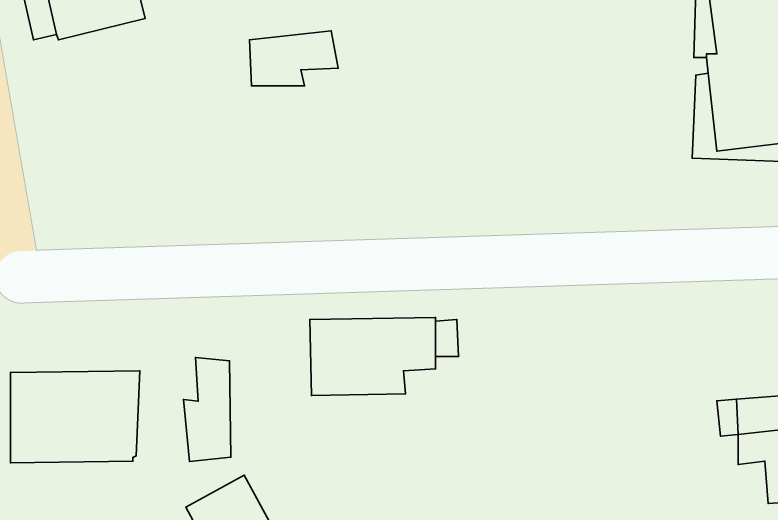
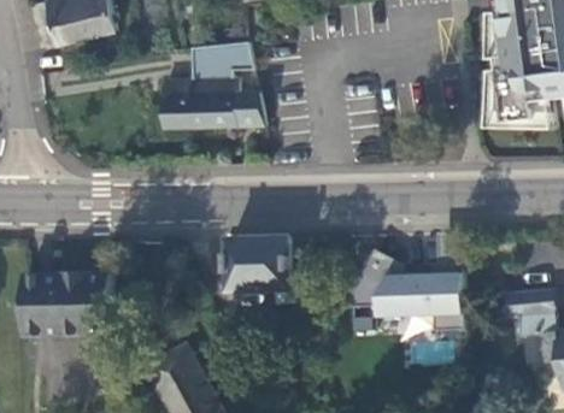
building: none -> [164,78,264,126]
building: none -> [347,253,457,326]
building: [183,358,231,461] -> none

